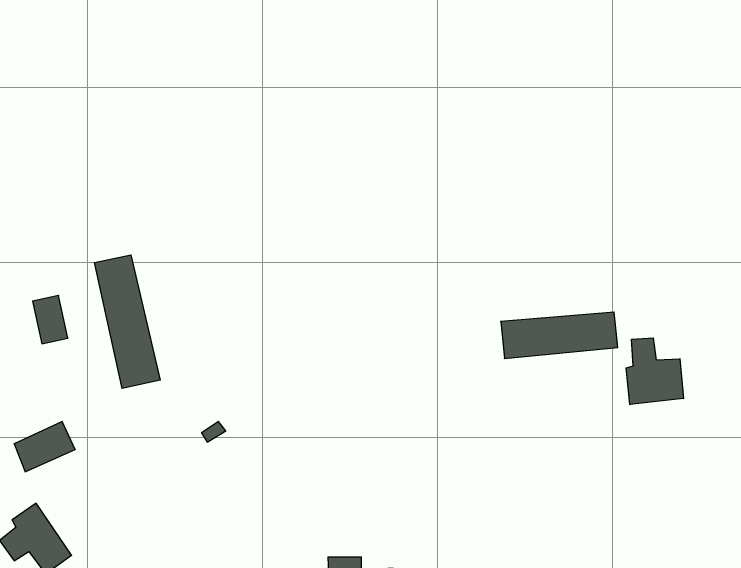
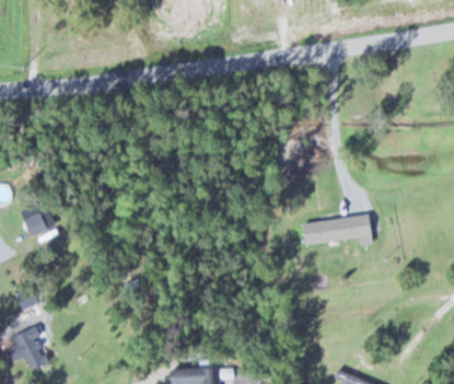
building: [95,255,160,388] -> none
building: [626,338,683,405] -> none

